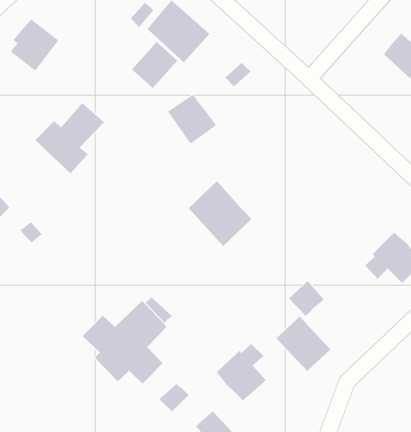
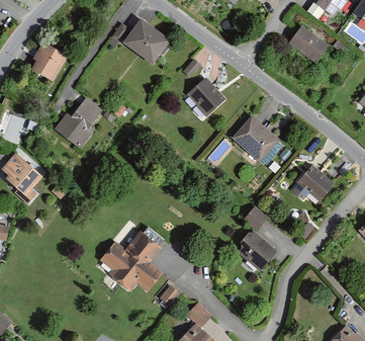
building: [131,41,178,89] -> none
building: [167,94,217,144] -> [188,79,223,114]
building: [188,181,252,247] -> [232,116,277,162]
building: [216,343,267,401] -> none

